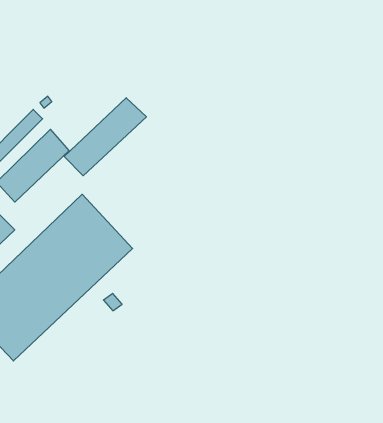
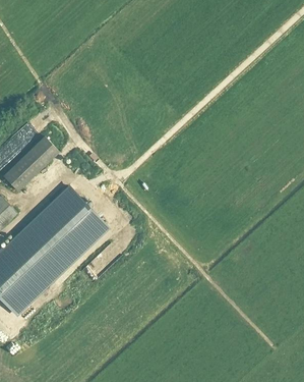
building: [64,98,146,176] -> none

